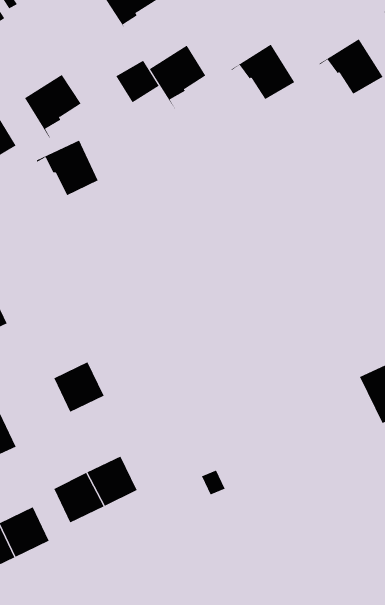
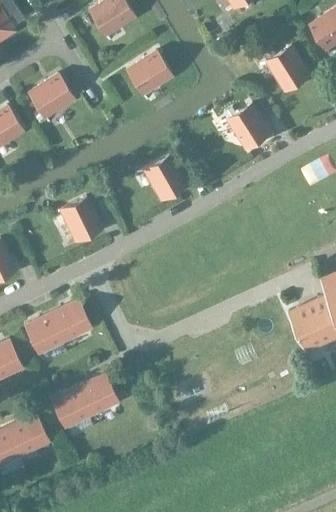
building: [230,44,295,100] -> [220,105,271,149]
building: [115,60,159,103] -> none
building: [36,140,99,196] -> [52,198,101,242]
building: none -> [136,156,186,201]
building: none -> [24,314,64,354]

